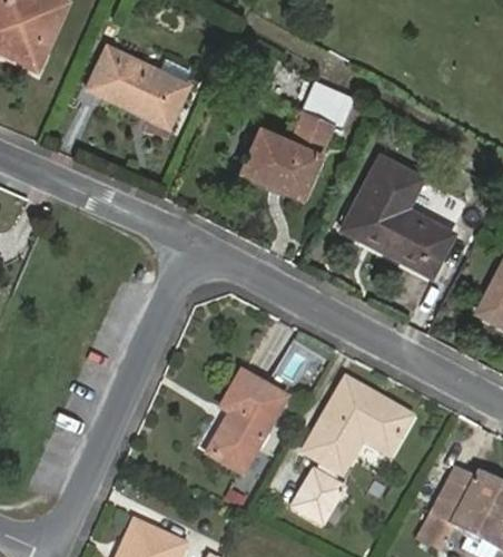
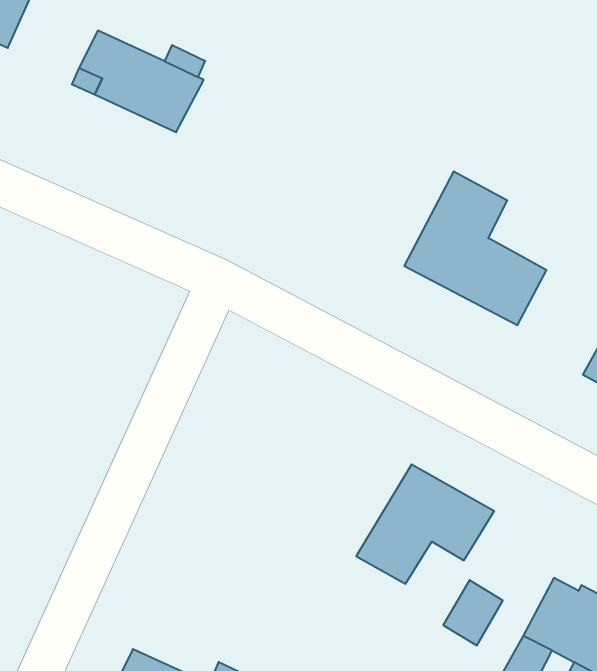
building: [243,81,354,198] -> none
building: [208,372,285,472] -> none
building: [295,472,341,522] -> [443,580,503,645]

